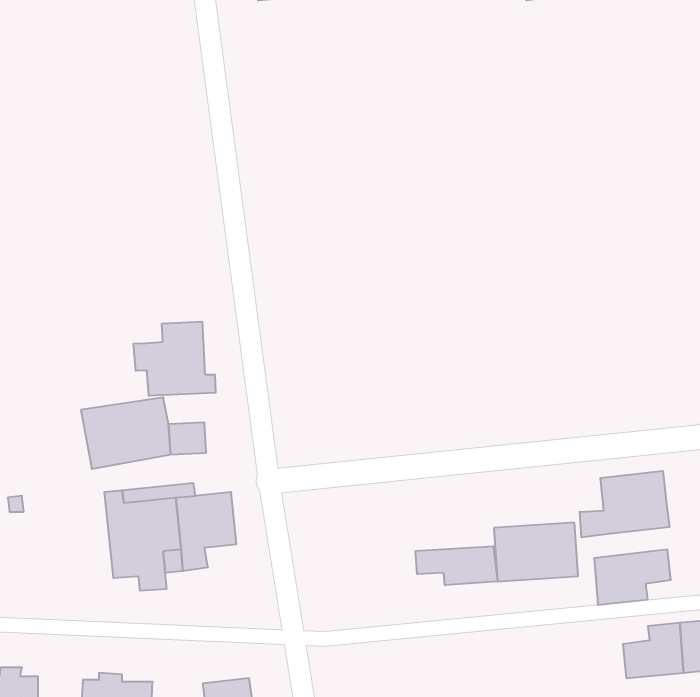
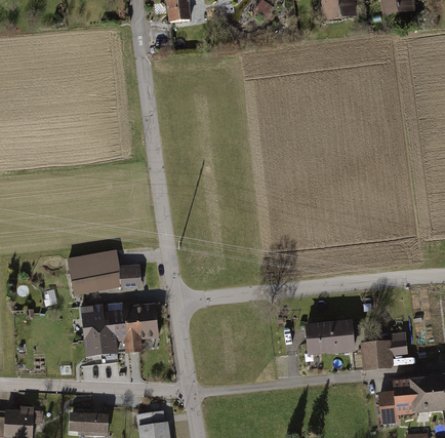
building: [134,322,216,396] -> none
building: [580,471,669,537] -> none
building: [416,546,498,585] -> none

